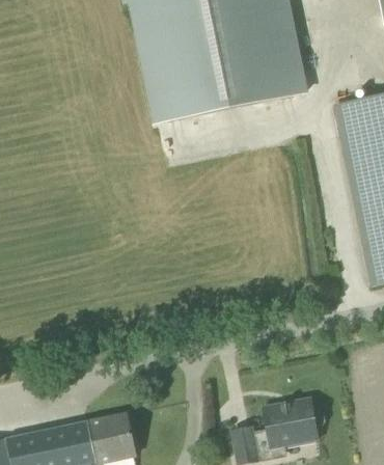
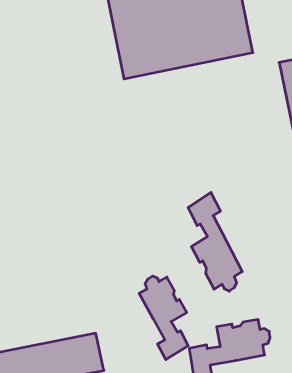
building: none -> [188,192,242,291]
building: none -> [139,276,188,360]

